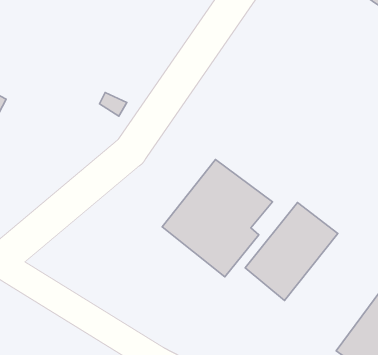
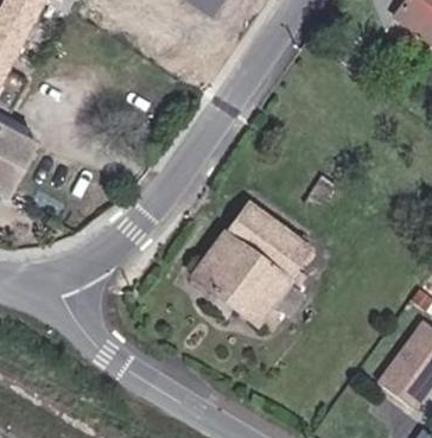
building: [245,203,338,300] -> none

